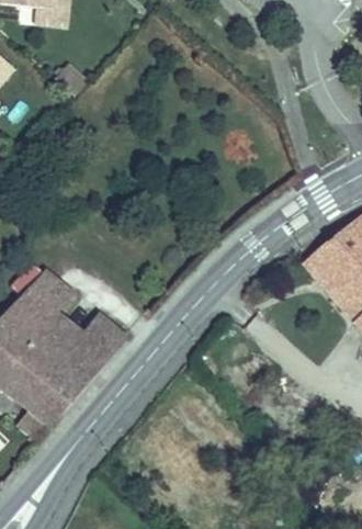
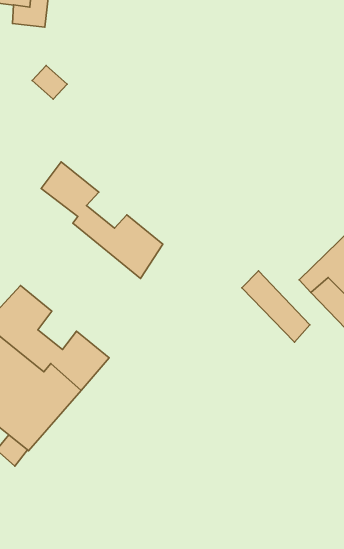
building: none -> [41,162,163,278]
building: none -> [242,271,310,342]

